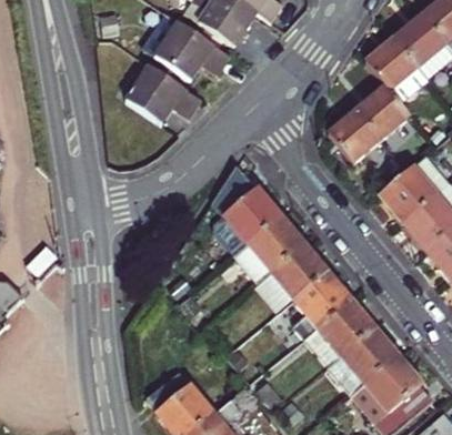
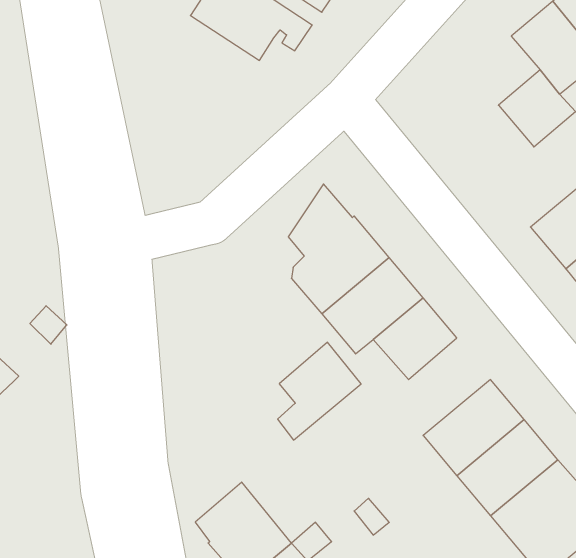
building: [127,65,199,123] -> none
building: [329,110,381,163] -> none
building: [293,271,351,338] -> [278,342,361,440]

